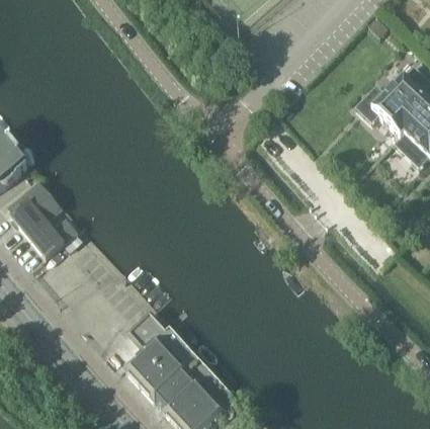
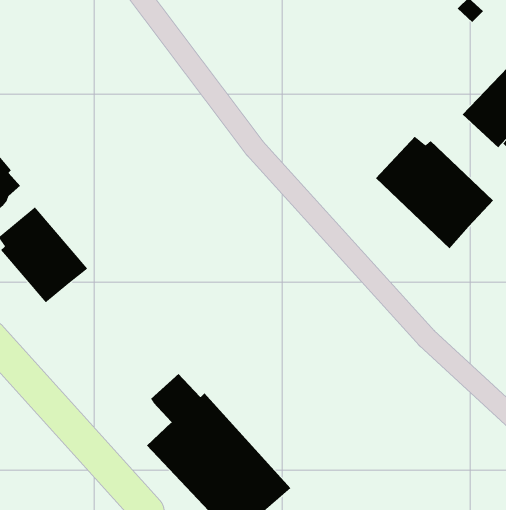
building: none -> [375,136,494,249]

